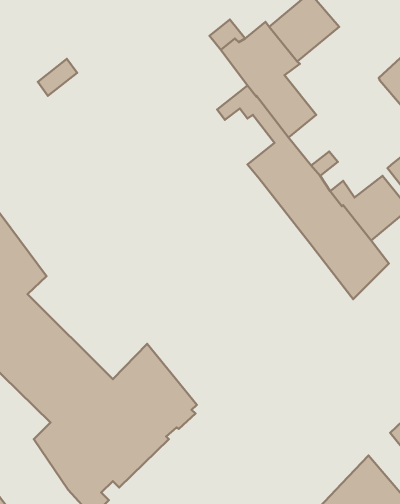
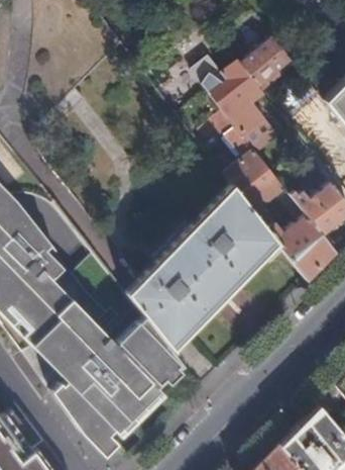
building: none -> [126,185,273,344]

